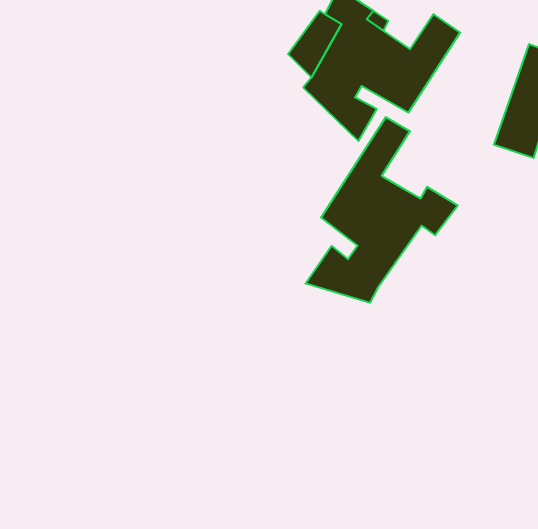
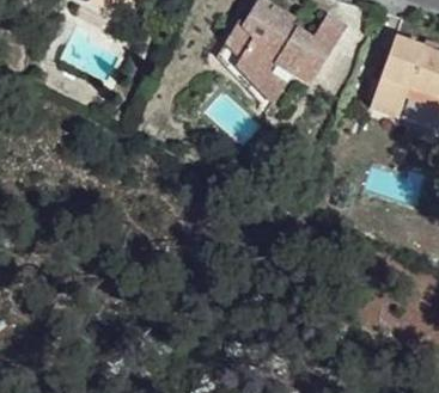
building: [305,117,458,303] -> none

